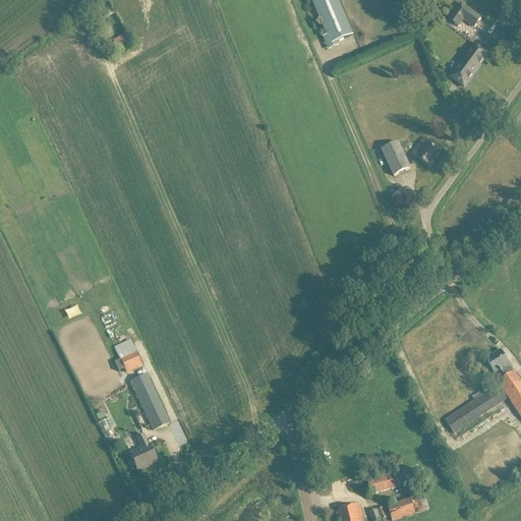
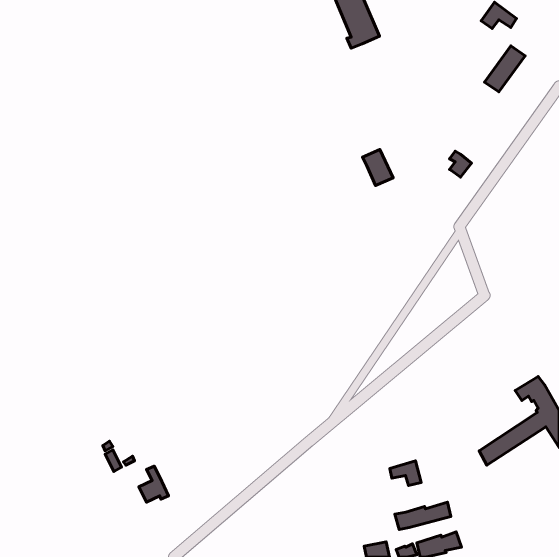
building: [382,141,410,175] -> [362,149,393,186]
building: [114,339,142,372] -> none
building: [130,373,169,429] -> none
building: none -> [390,461,421,486]

